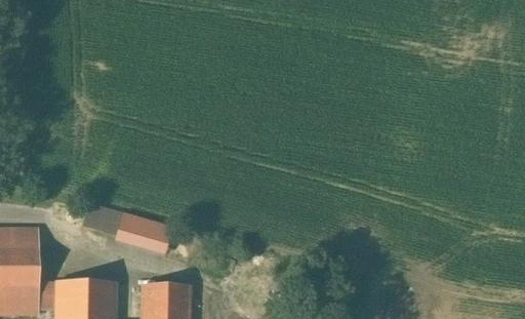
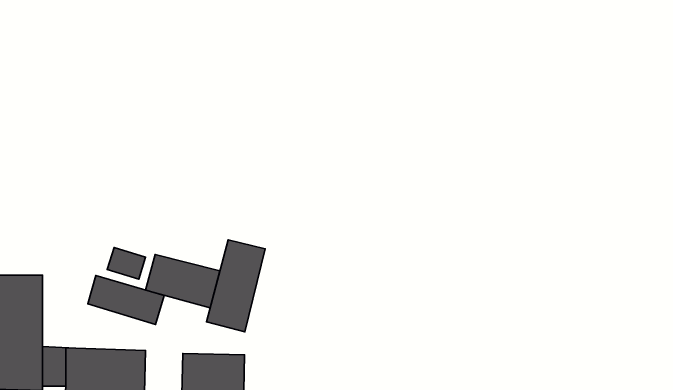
building: none -> [207,240,265,332]
building: none -> [88,276,164,325]

